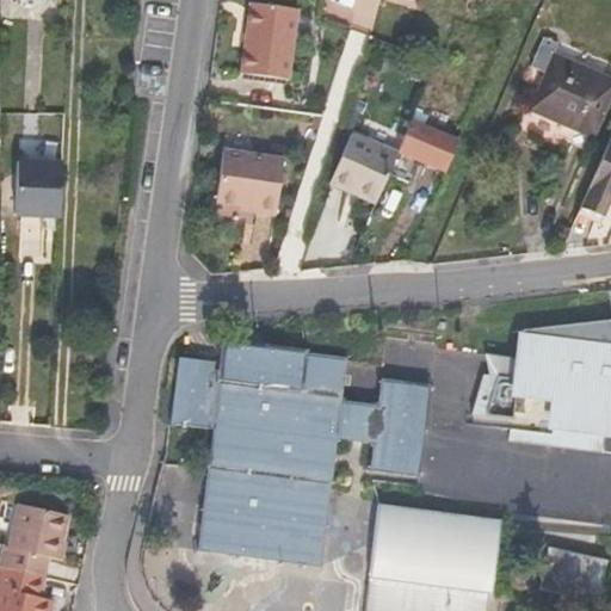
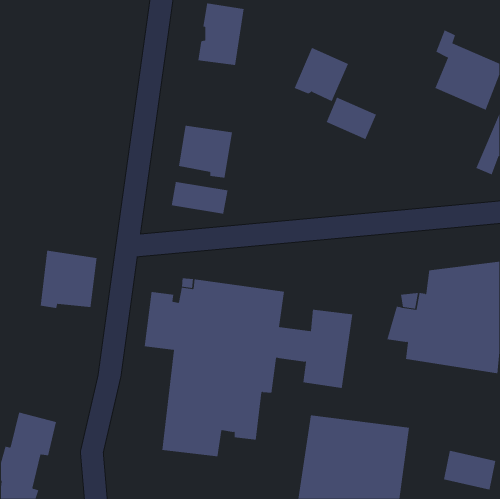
building: [329,132,396,199] -> [294,47,349,102]
building: [21,162,62,216] -> none
building: none -> [171,181,228,215]
building: none -> [40,250,97,309]
building: [266,479,332,564] -> none

